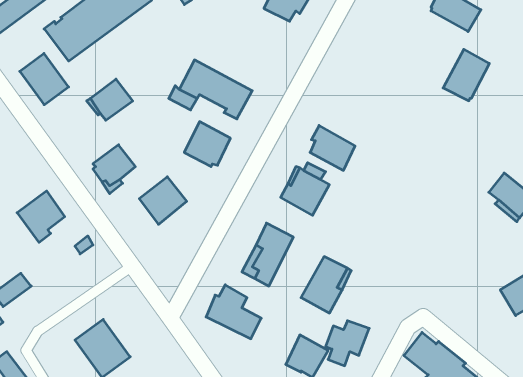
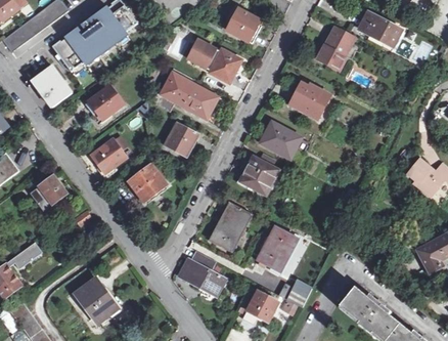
building: none -> [184,36,242,85]
building: [443,49,489,101] -> [317,28,354,69]
building: none -> [289,84,328,118]

